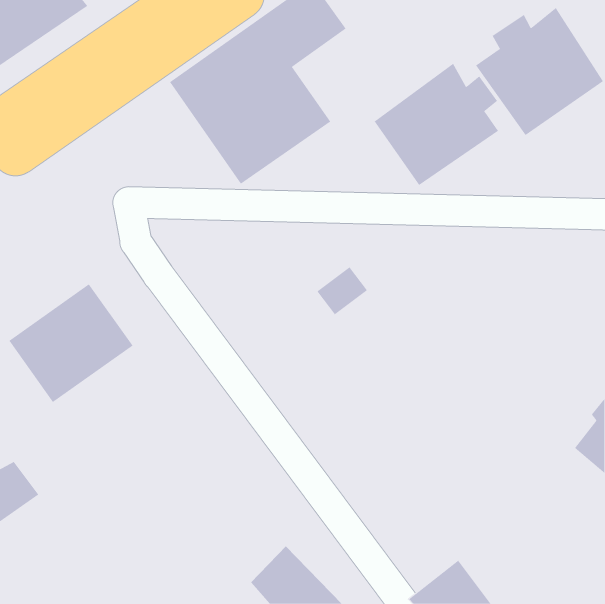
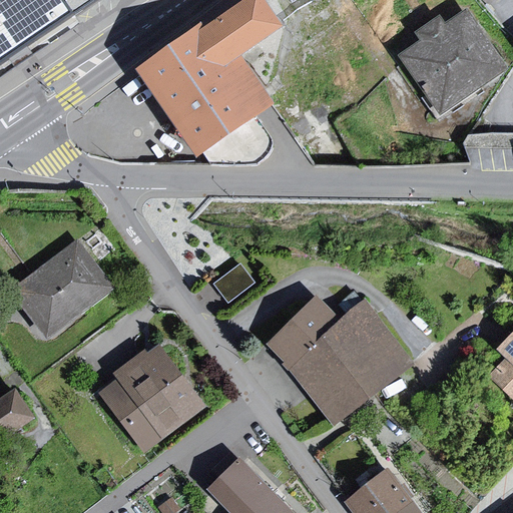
building: [374,63,499,186] -> none
building: [317,266,368,315] -> [211,261,254,302]
building: none -> [266,296,411,425]
building: none -> [97,345,205,452]

